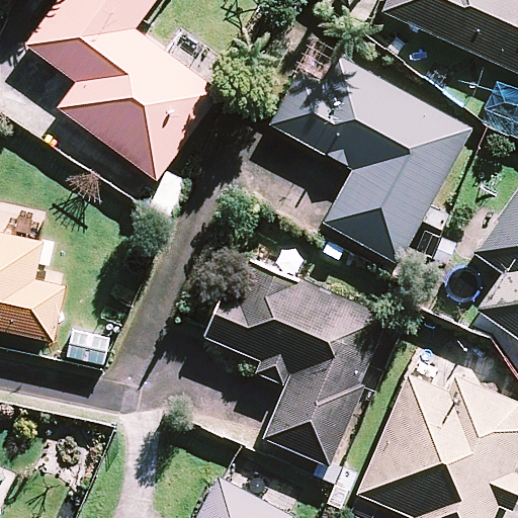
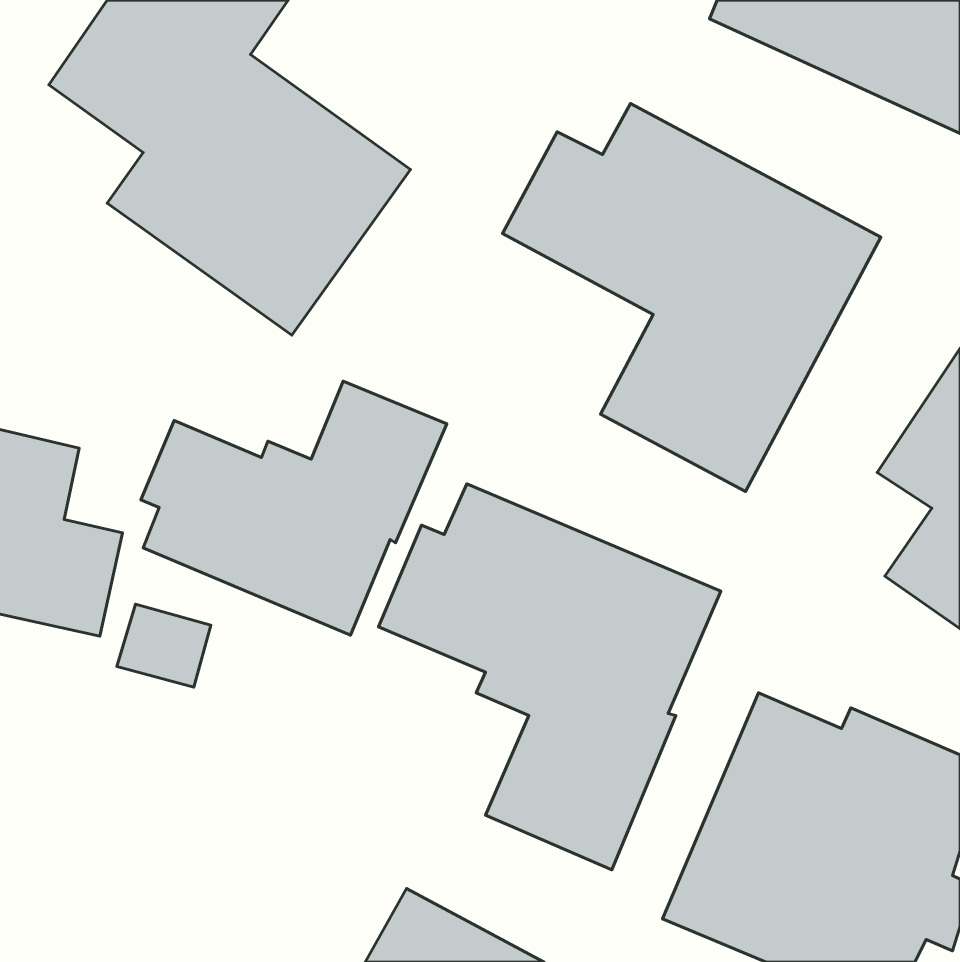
building: none -> [141,381,447,635]

